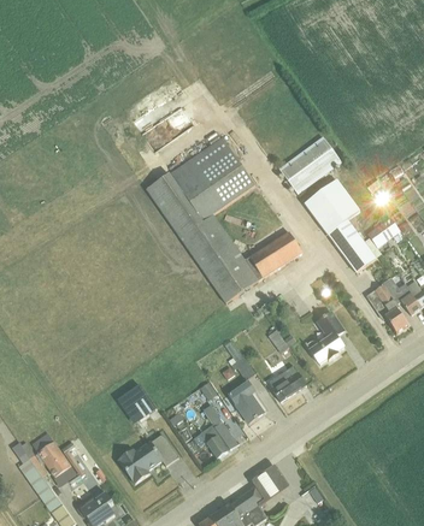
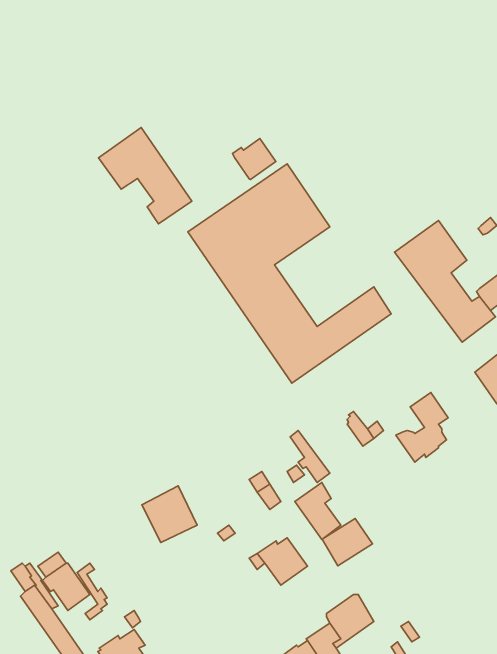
building: none -> [99,127,192,224]
building: none -> [232,139,276,179]
building: [278,136,341,194] -> none
building: [267,365,306,401] -> [322,519,373,566]
building: [119,432,178,483] -> none

